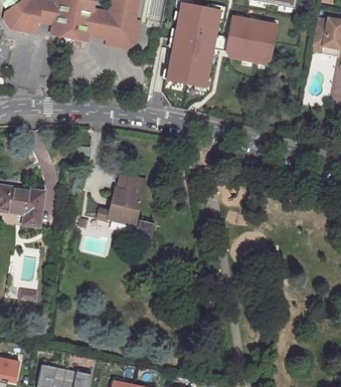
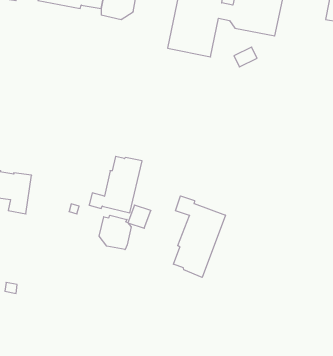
building: none -> [173,196,225,277]
building: none -> [99,215,131,250]

